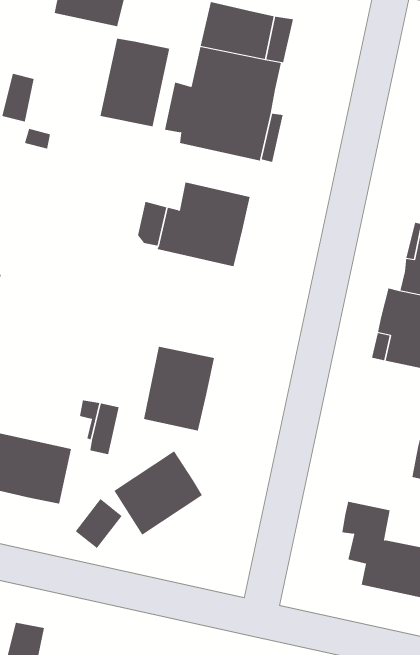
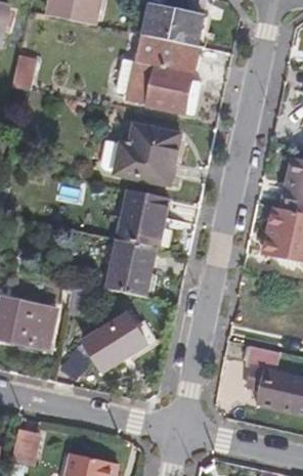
building: [100,38,170,127] -> none
building: none -> [117,189,169,248]

